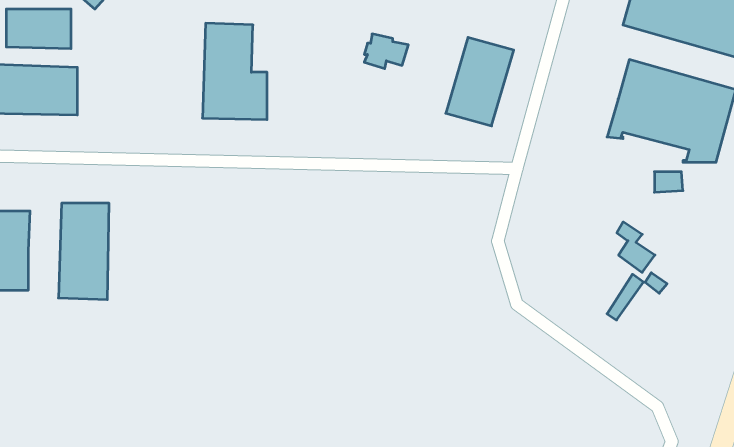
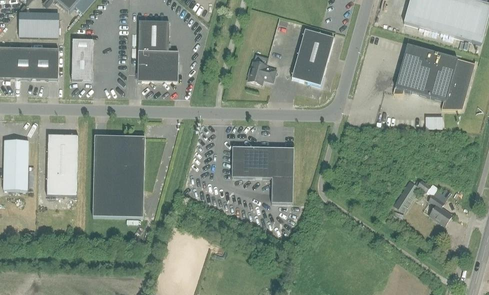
building: [364,34,408,69] -> [248,61,276,83]
building: none -> [71,38,93,79]
building: none -> [92,135,145,216]
building: [617,222,655,272] -> [428,193,452,225]
building: none -> [232,146,293,203]

